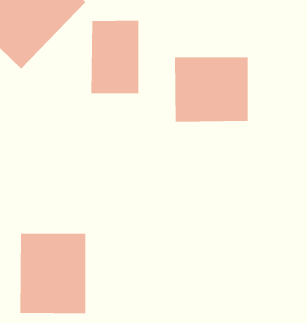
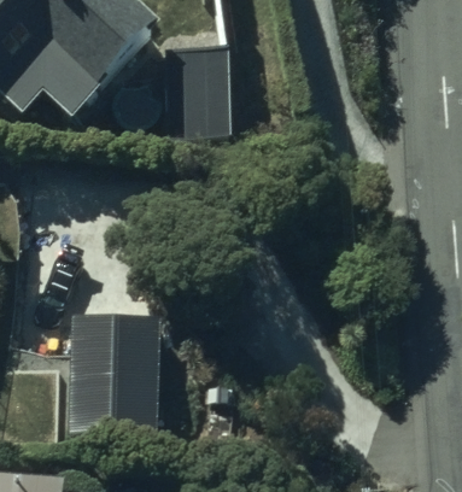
building: [174,56,248,122] -> none

